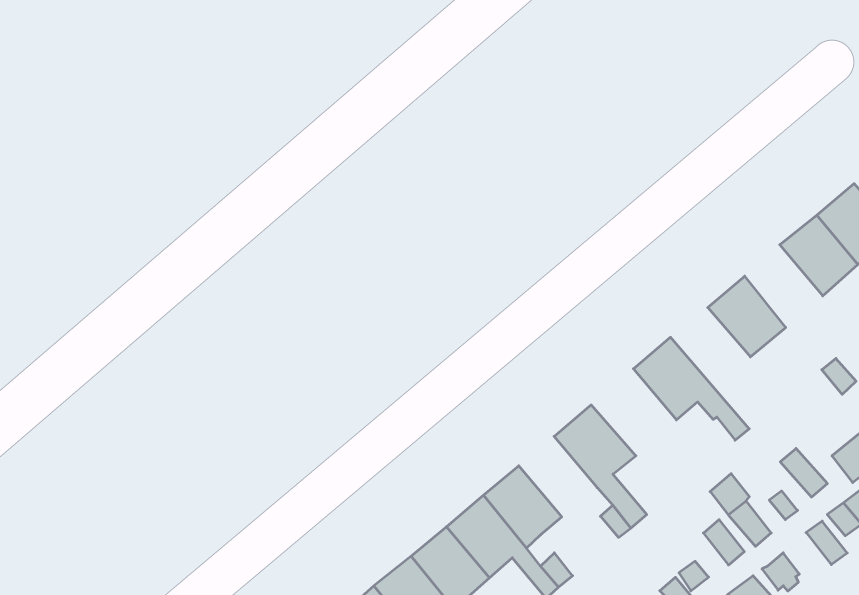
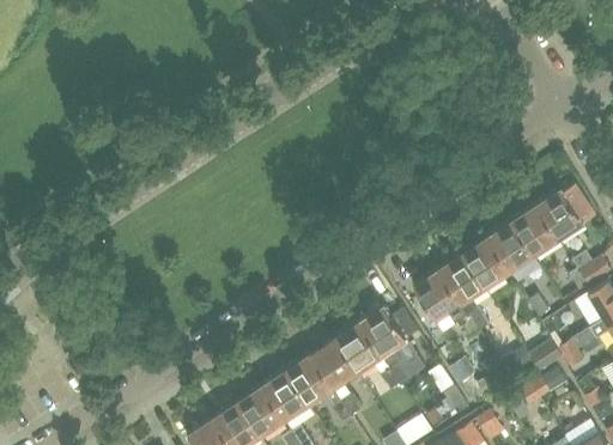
building: none -> [488,220,535,272]
building: none -> [438,254,490,331]
building: none -> [335,322,382,372]

